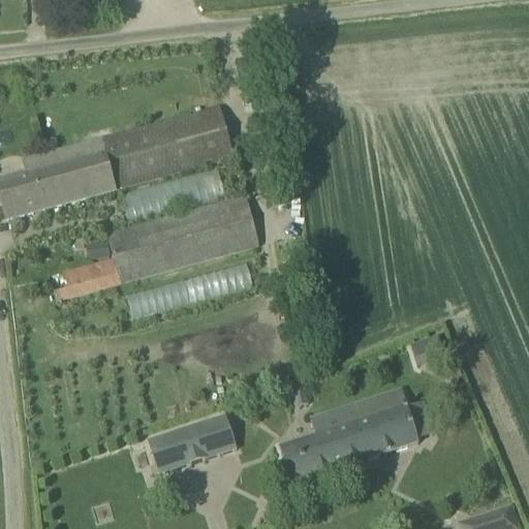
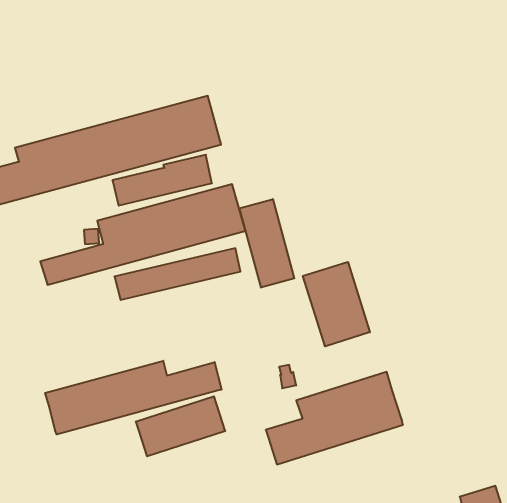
building: none -> [239,199,294,288]
building: none -> [303,262,370,346]
building: none -> [45,361,222,434]

